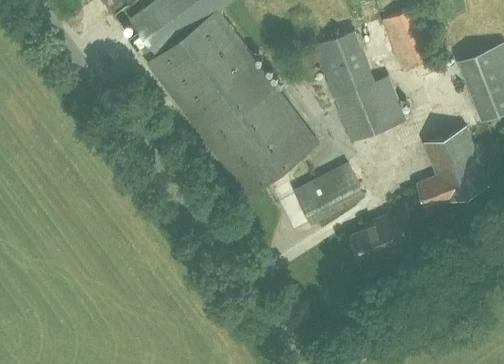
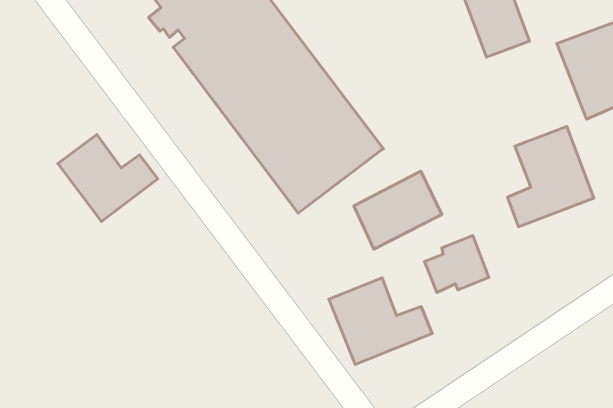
building: [313,31,406,143] -> none
building: none -> [58,134,158,221]
building: none -> [329,278,432,365]

